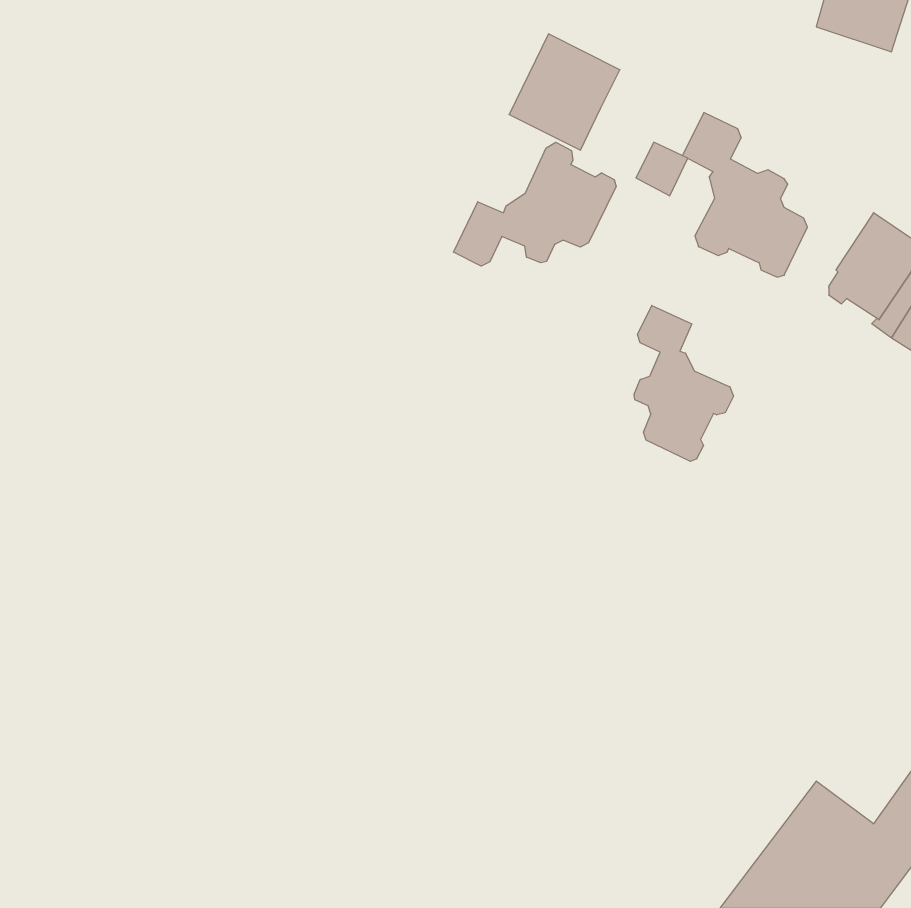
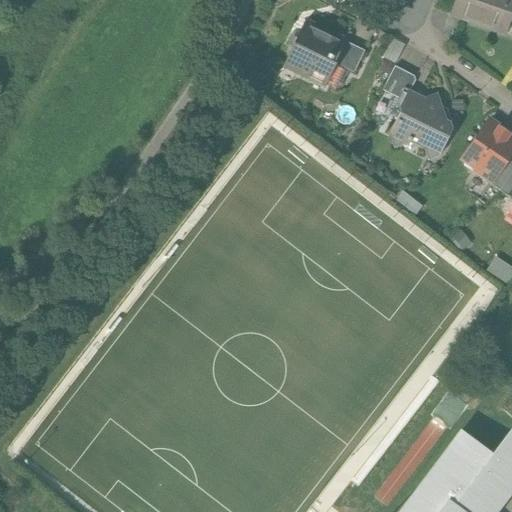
building: [636,142,688,196] -> [337,41,366,71]
building: [454,142,616,266] -> none
building: [634,305,734,461] -> none

